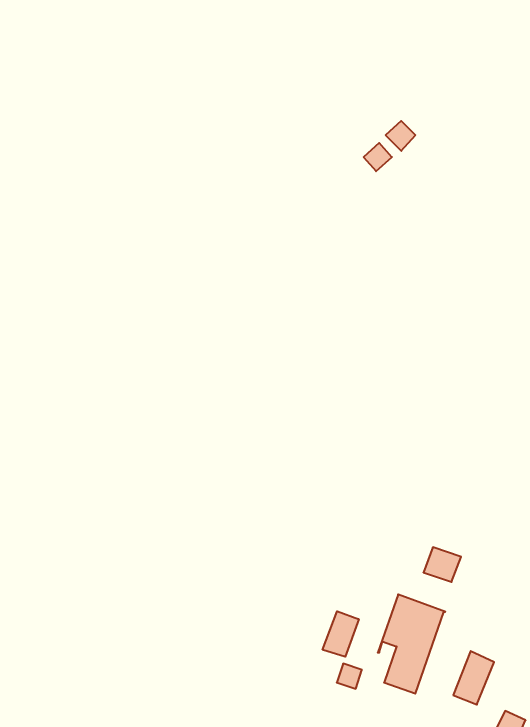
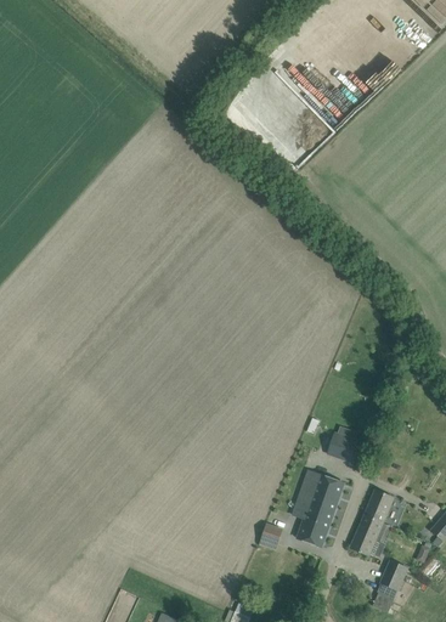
building: [323,611,359,657] -> none
building: none -> [365,490,394,522]

